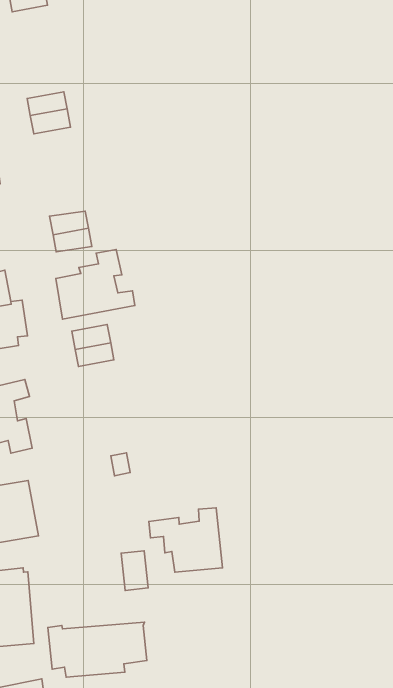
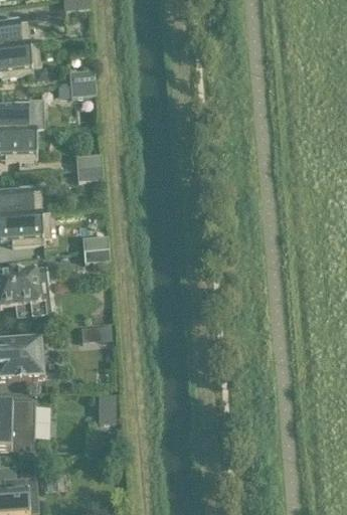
building: [56,249,135,319] -> none
building: [149,508,222,572] -> none
building: [48,622,147,677] -> none

